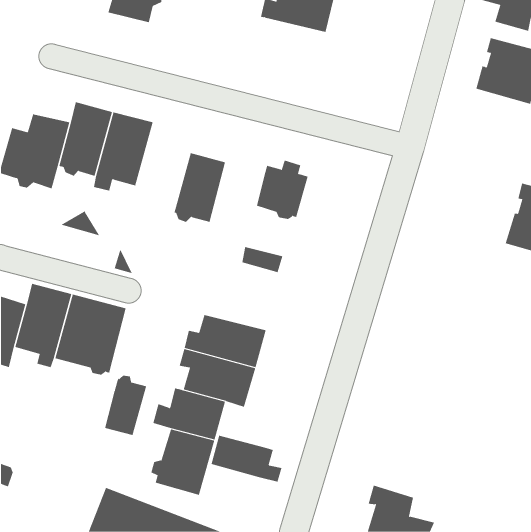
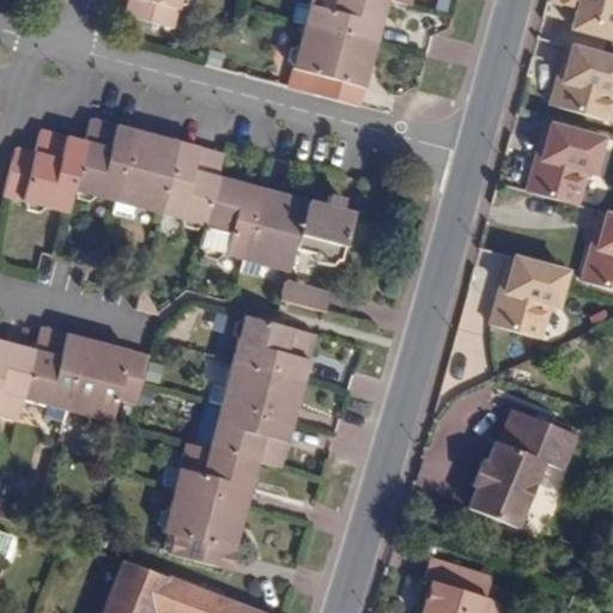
building: none -> [293,20,377,101]
building: none -> [524,120,602,204]
building: none -> [159,140,227,230]
building: none -> [241,186,306,275]
building: none -> [488,253,569,338]
building: none -> [237,317,321,378]
building: none -> [469,408,573,523]
building: [105,375,147,436] -> none
building: [211,435,282,483] -> none

